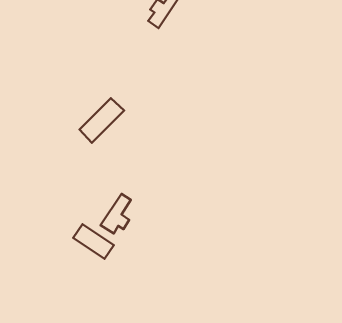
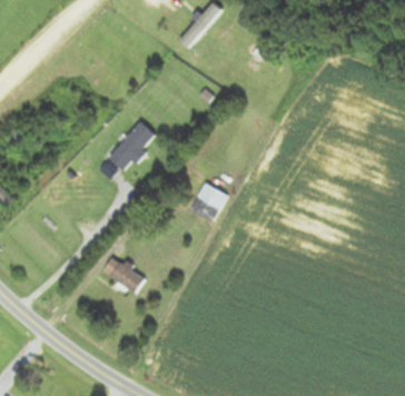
building: none -> [189,182,226,221]
building: [101,194,131,234] -> none

